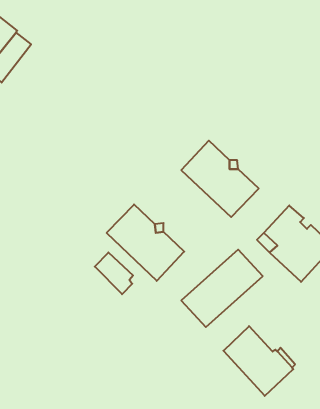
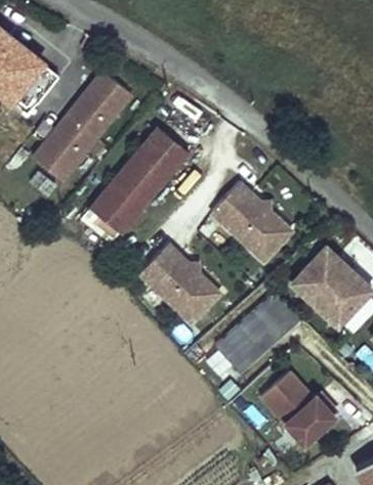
building: none -> [31,71,131,180]
building: none -> [92,130,191,236]
building: [95,252,133,294] -> none

